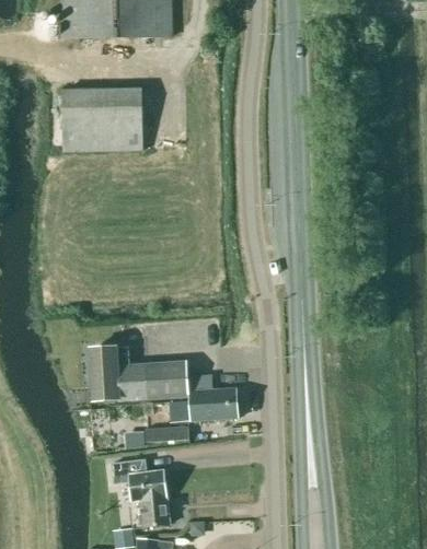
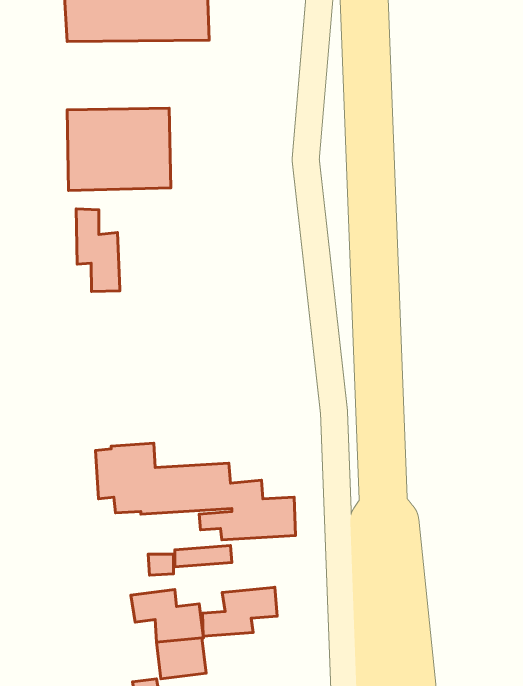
building: none -> [76,209,120,291]
building: none -> [202,587,277,636]

